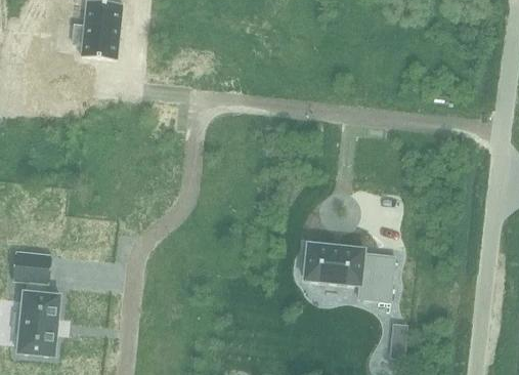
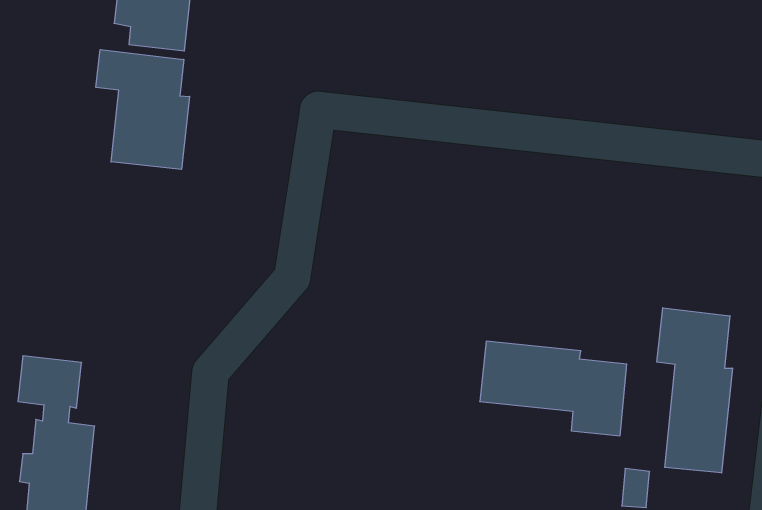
building: none -> [96,50,190,169]
building: none -> [657,308,732,473]

